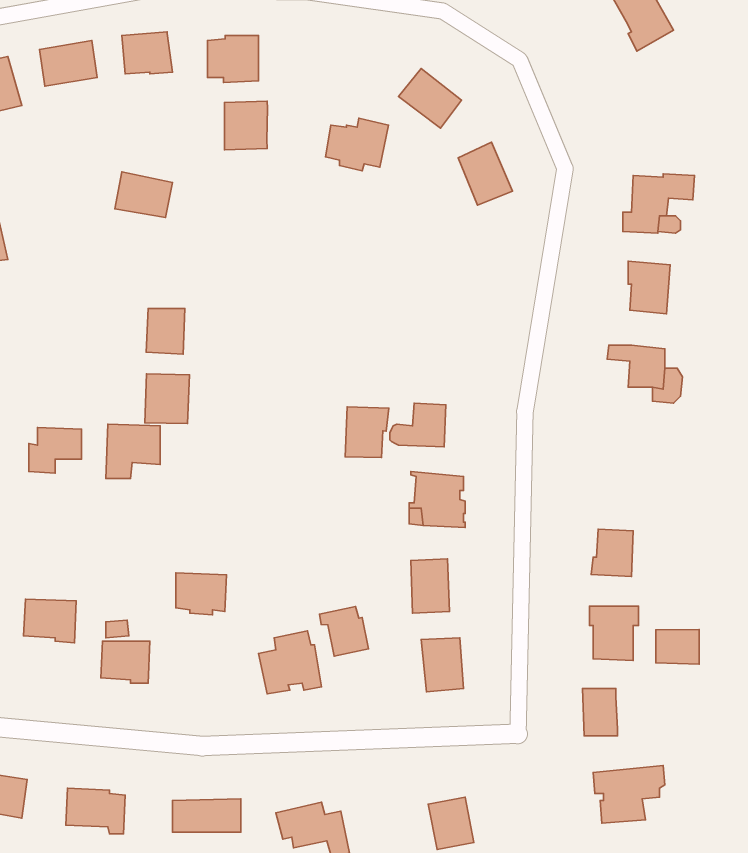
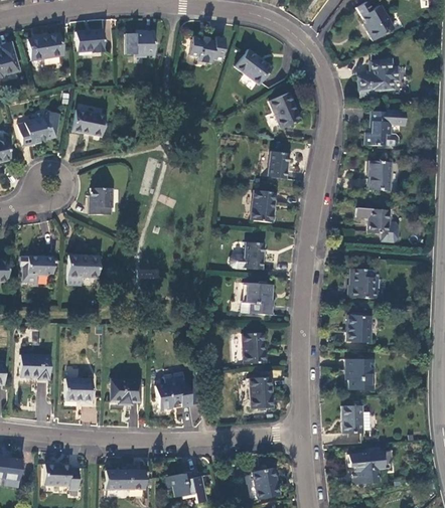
building: none -> [358,58,398,97]
building: [224,101,268,150] -> none
building: [325,118,389,171] -> [189,32,226,62]
building: none -> [18,112,60,144]
building: none -> [268,151,289,178]
building: none -> [251,189,275,221]
building: [145,374,189,424] -> none
building: [345,407,389,457] -> none
building: none -> [347,267,378,296]
building: [176,573,227,615] -> [111,379,140,403]
building: [319,607,369,656] -> none
building: [656,629,699,664] -> none

